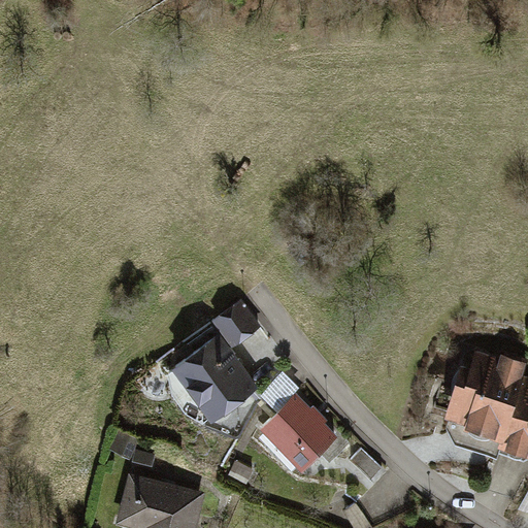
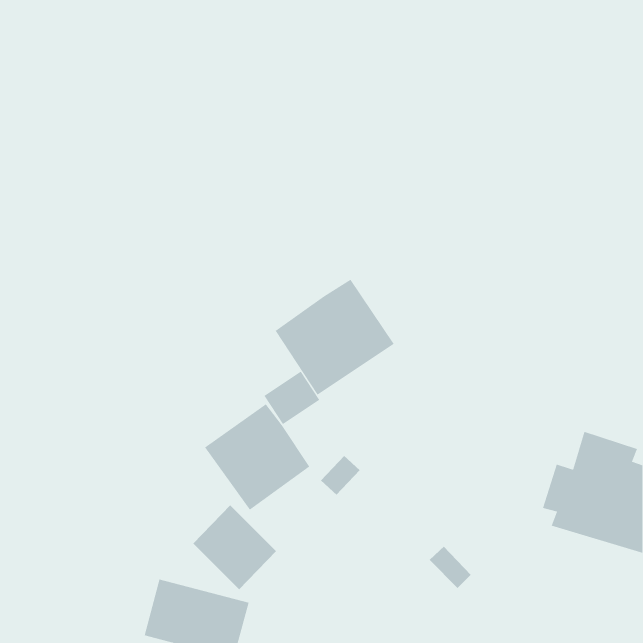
building: none -> [275,279,395,395]
building: [263,396,332,466] -> [192,504,277,590]

